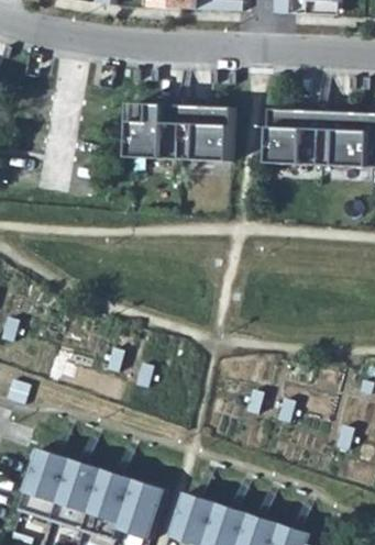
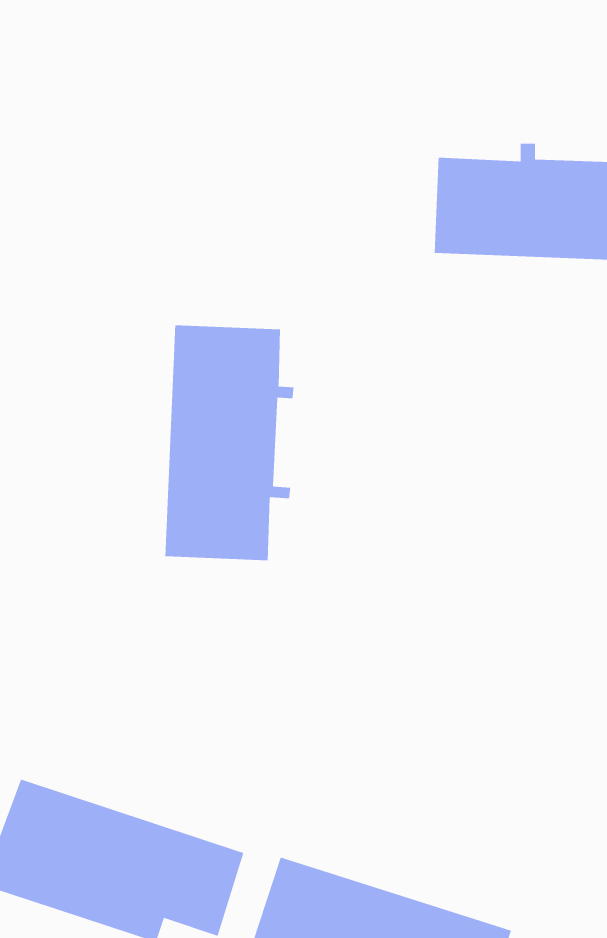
building: [124,96,229,163] -> none
building: none -> [165,324,294,561]

